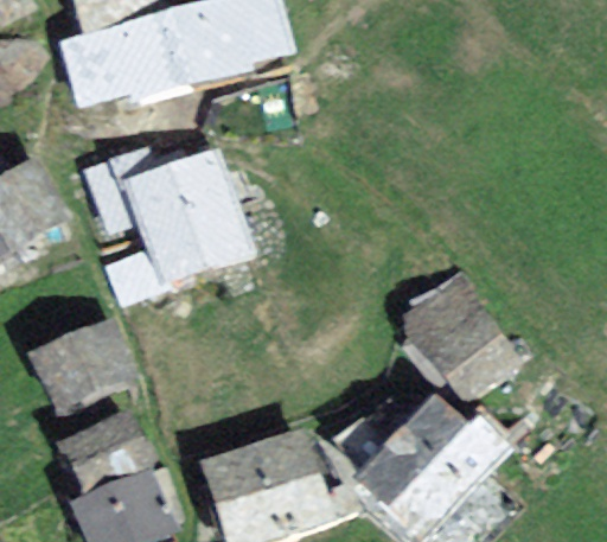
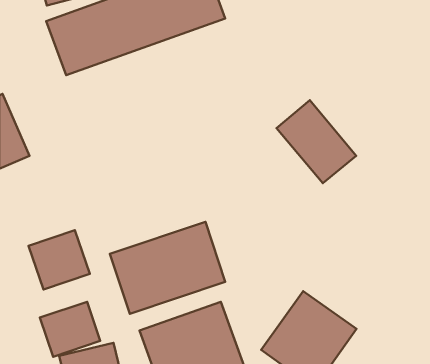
building: [117,142,253,287] -> none
building: [410,287,518,400] -> [277,100,356,183]
building: none -> [110,222,225,314]

